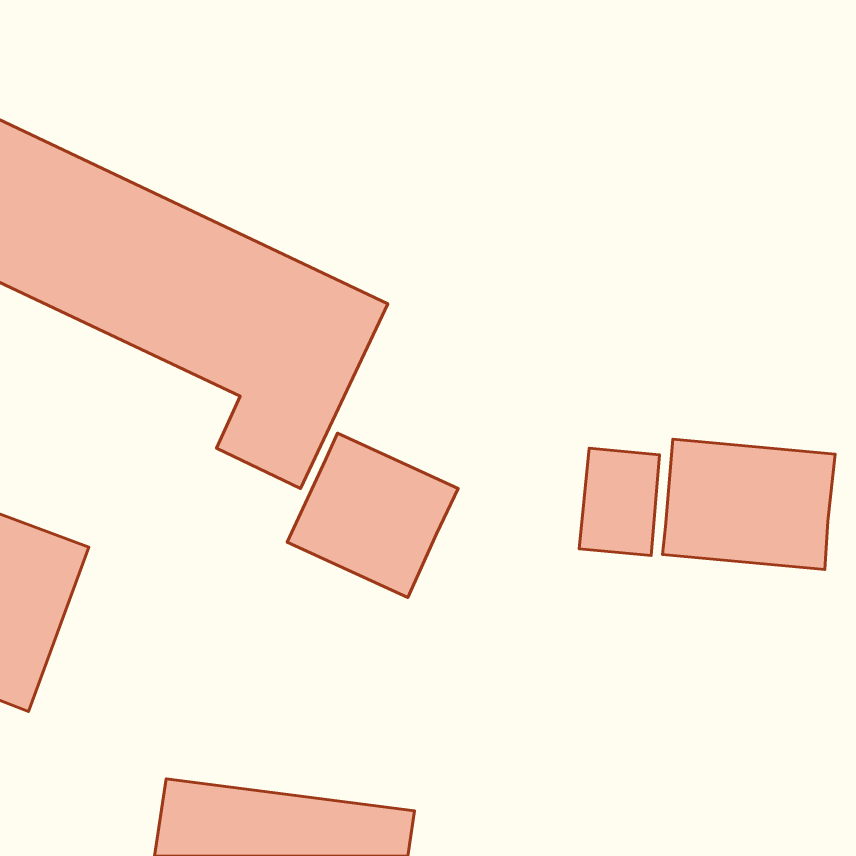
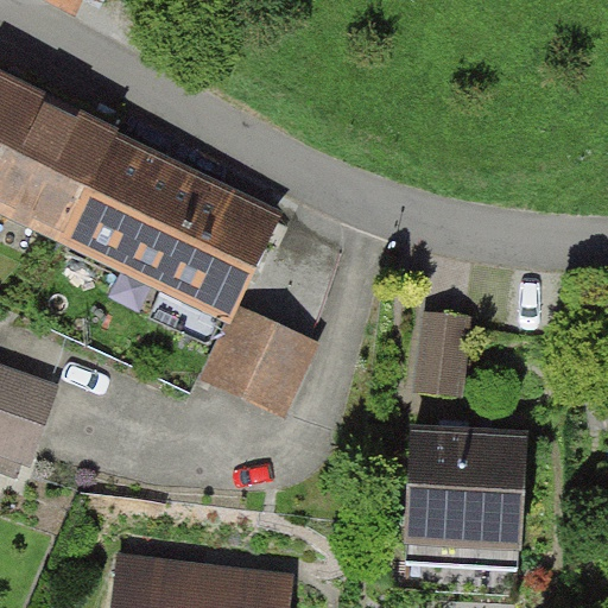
building: [662,439,835,570] -> none
building: none -> [401,426,530,549]

